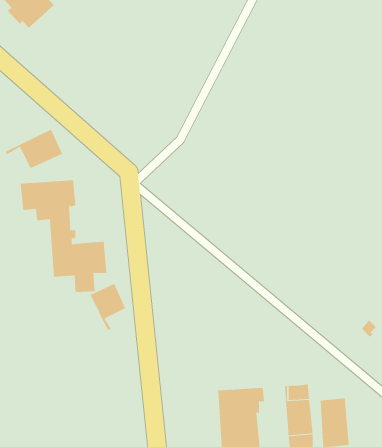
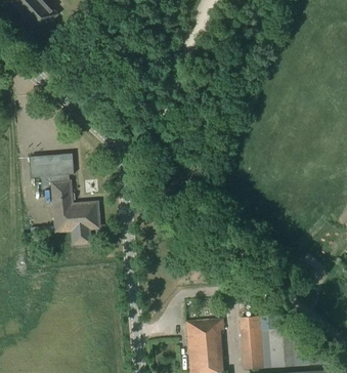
building: [5,129,63,169] -> none
building: [90,283,126,330] -> none

